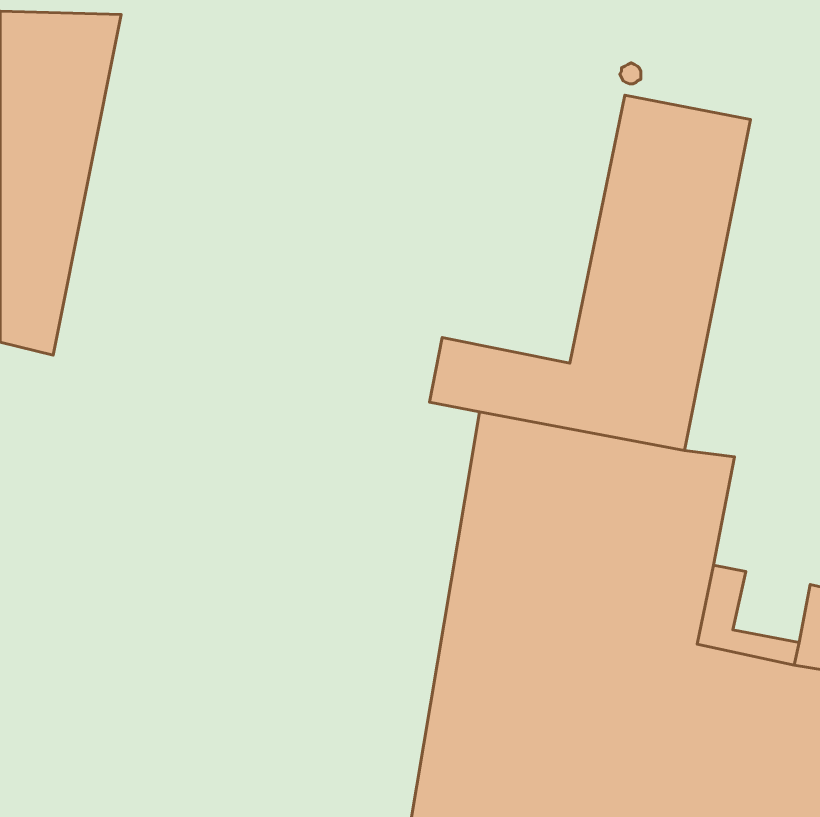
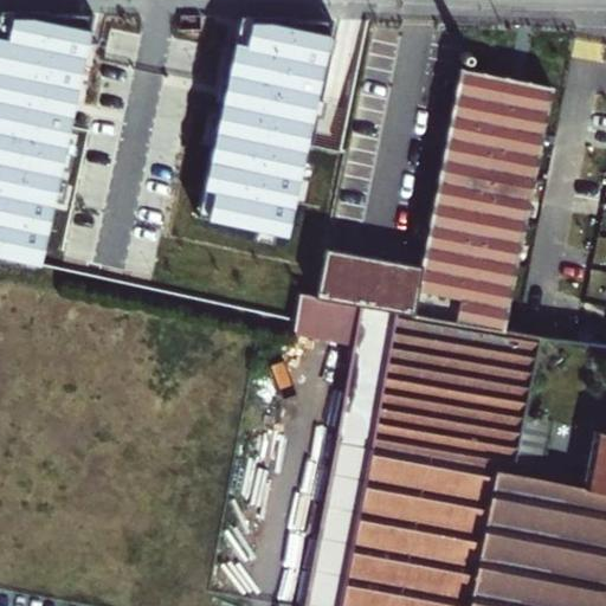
building: none -> [201,21,333,240]
building: none -> [295,297,355,343]

